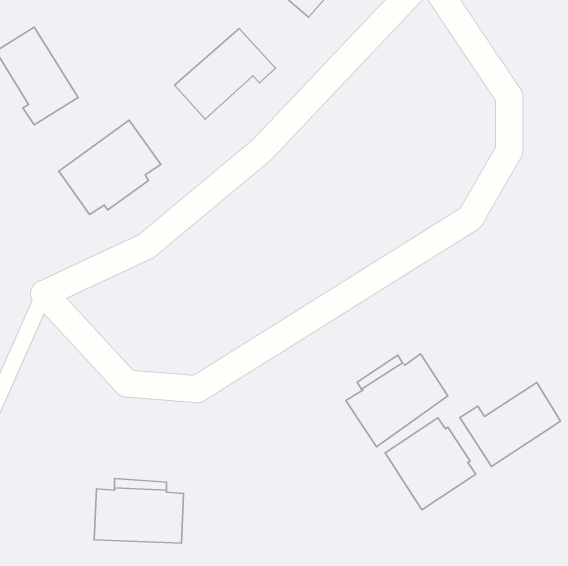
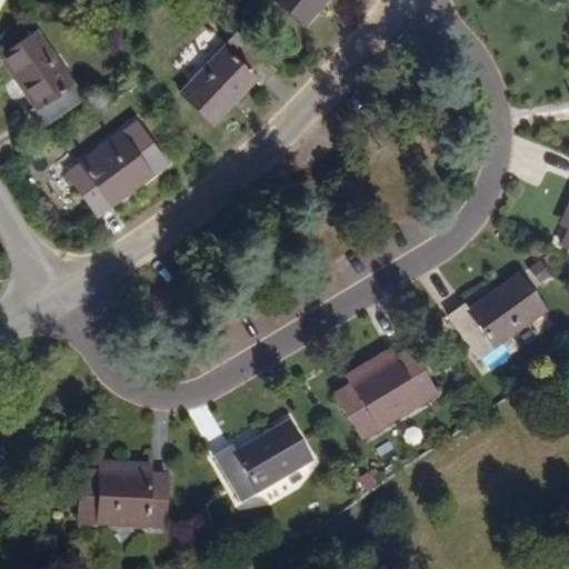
building: [460,382,561,466] -> [450,276,549,358]
building: [385,418,476,510] -> none
building: none -> [222,423,321,507]

